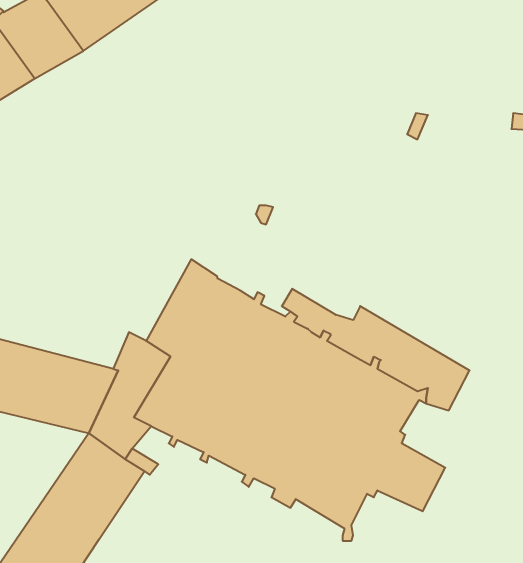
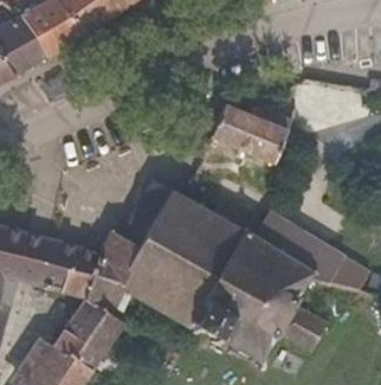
building: none -> [212,107,290,161]

